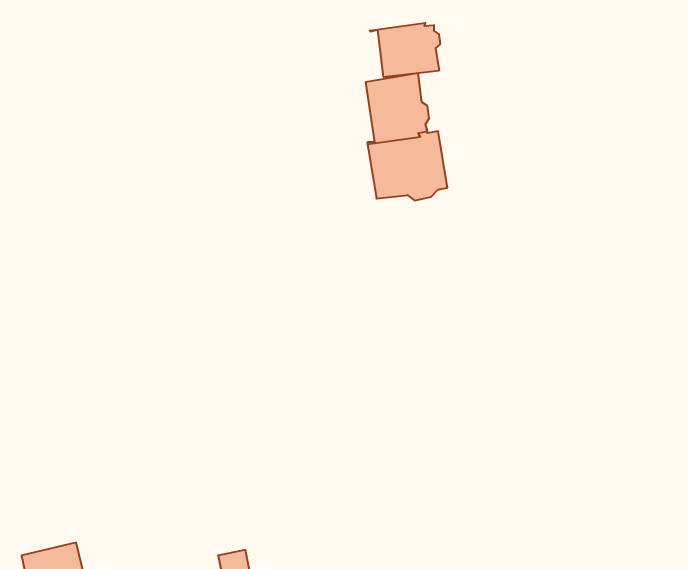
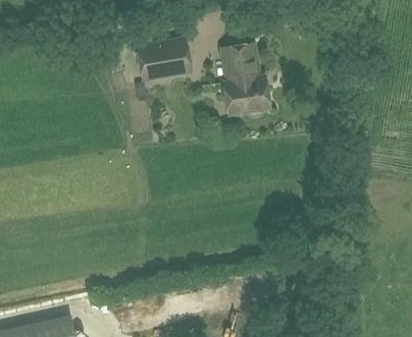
building: [370,23,440,77] -> none
building: none -> [138,40,181,78]

